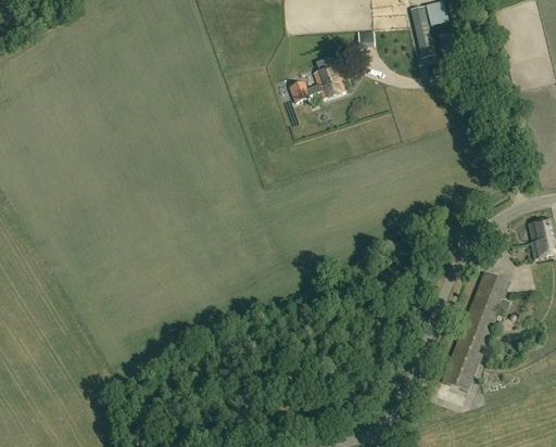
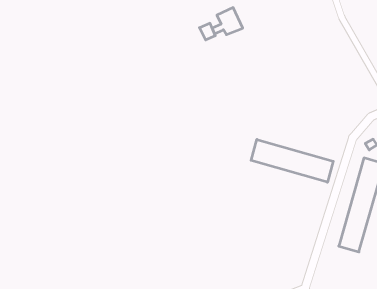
building: none -> [251,139,333,182]

